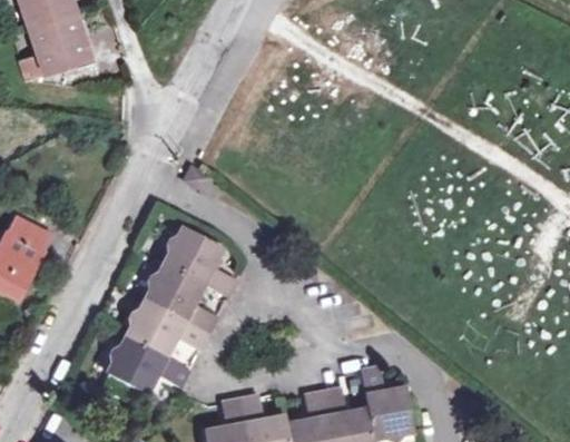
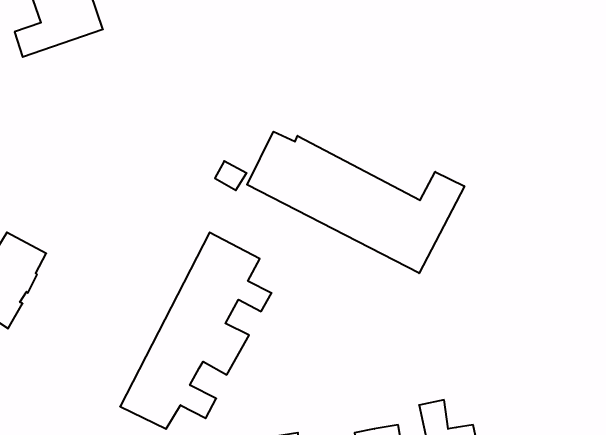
building: none -> [247,132,464,273]

